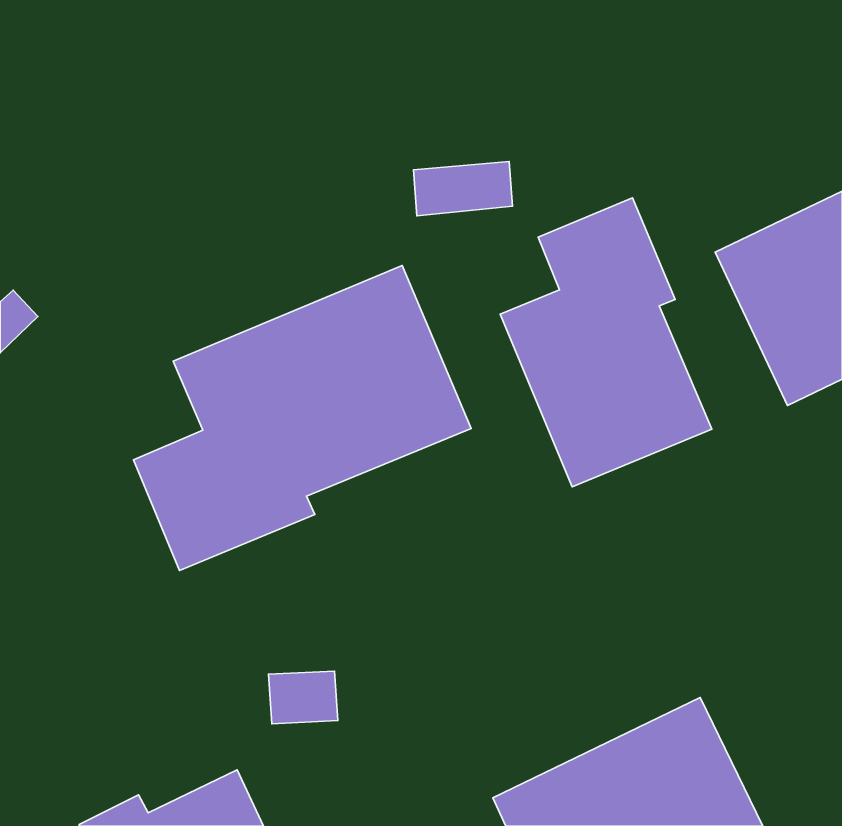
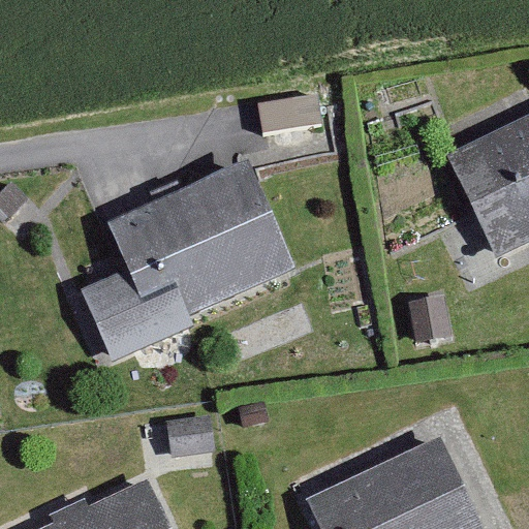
building: [500,198,712,487] -> none

